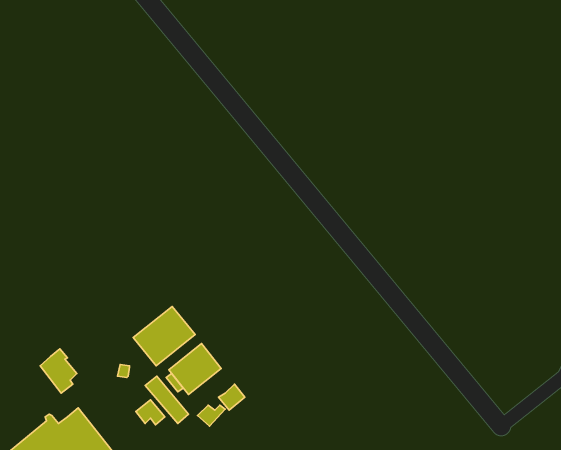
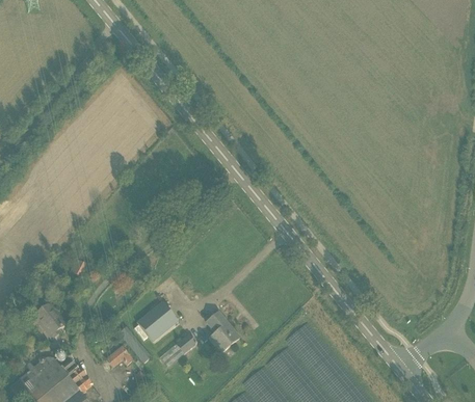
building: [133,306,195,366] -> none
building: none -> [207,311,241,353]

